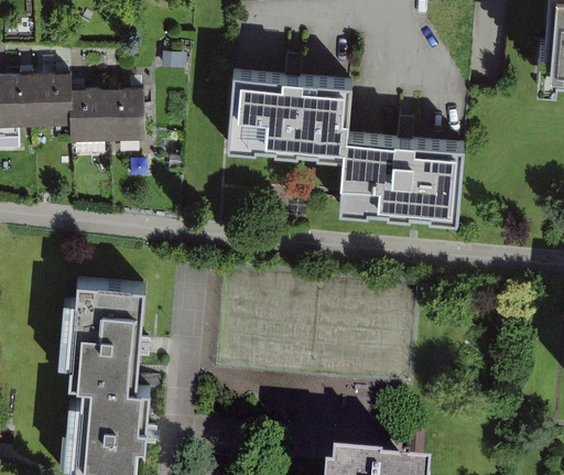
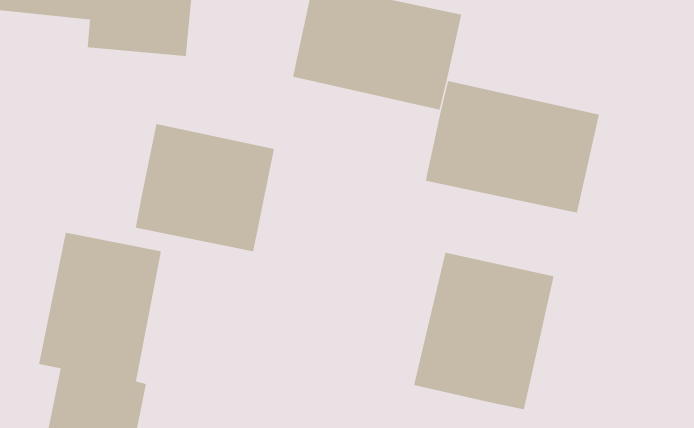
building: none -> [135,123,275,252]
building: none -> [413,252,554,410]

